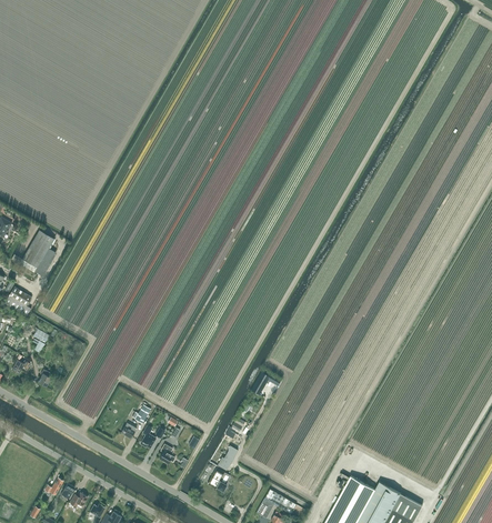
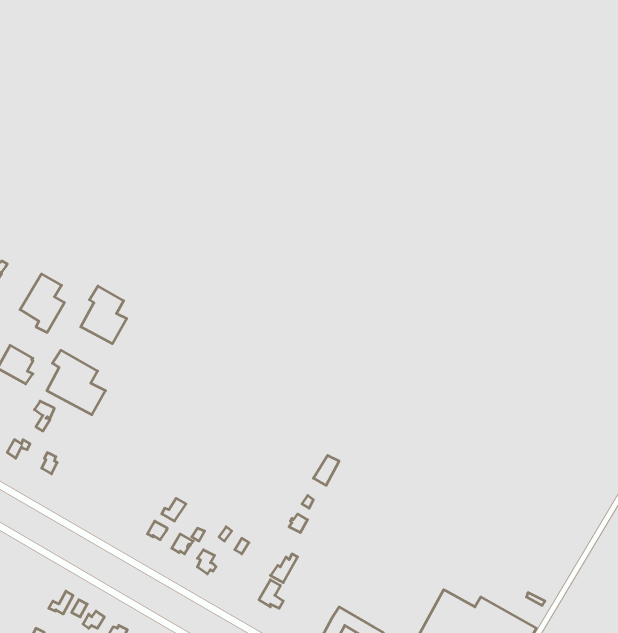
building: none -> [81,286,127,344]
building: none -> [47,350,106,415]

